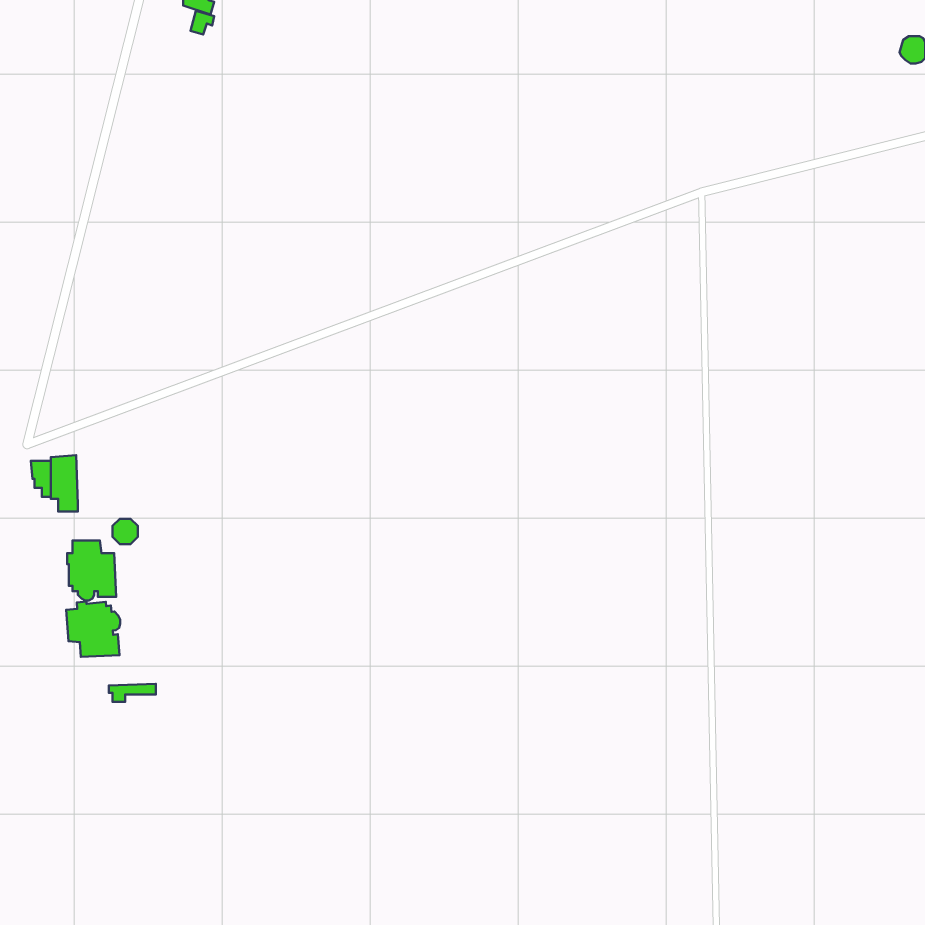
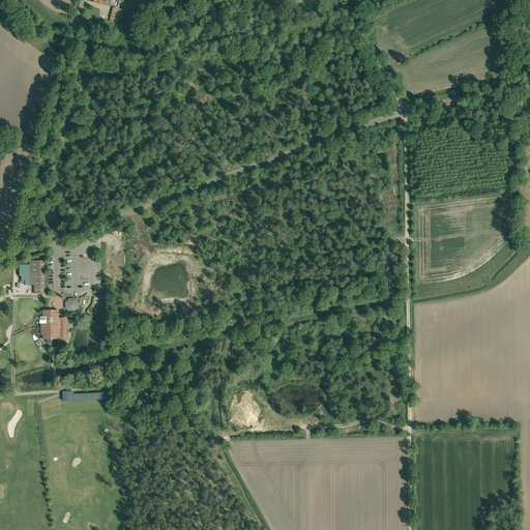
building: [66,602,120,657] -> none

